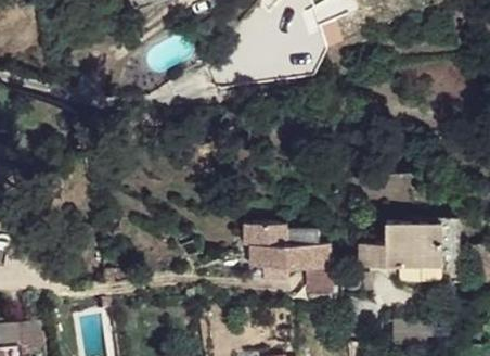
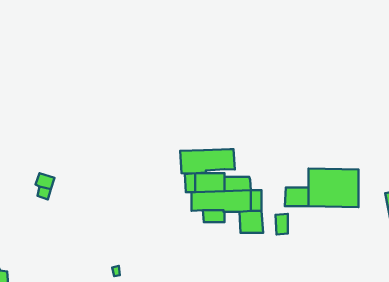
building: none -> [180,149,235,173]

